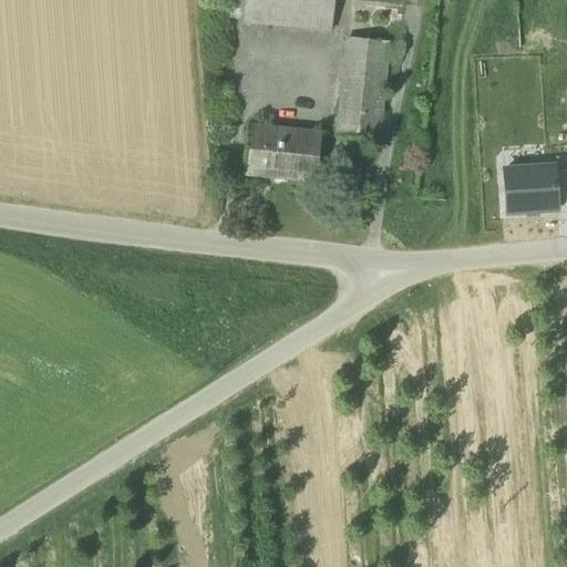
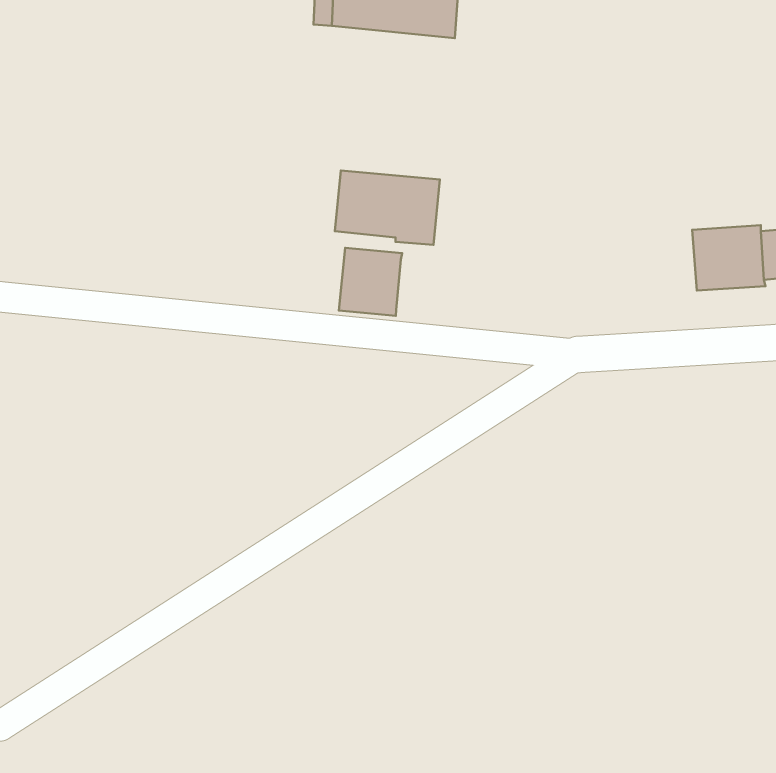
building: [338,35,389,137] -> none
building: none -> [339,248,402,316]

